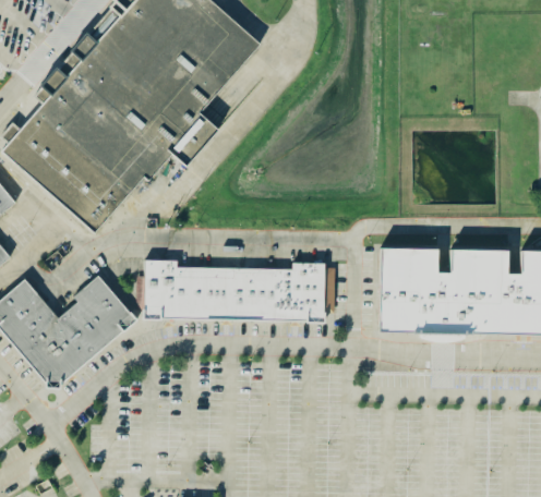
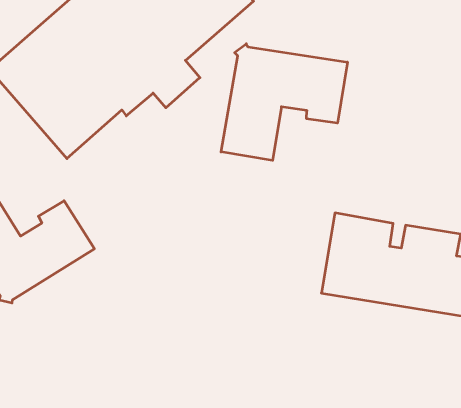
building: none -> [221,44,347,160]
building: [144,258,325,320] -> none

